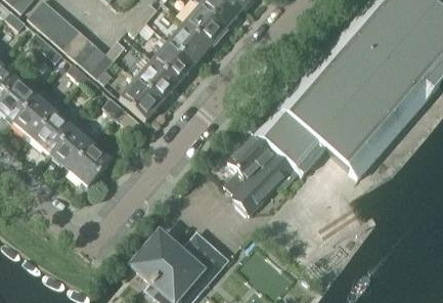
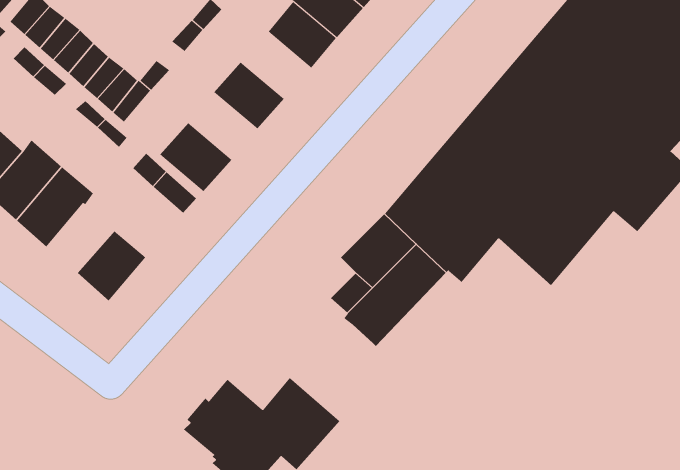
building: [168,24,211,64] -> none
building: [136,60,178,101] -> none
building: [50,128,91,170] -> none

